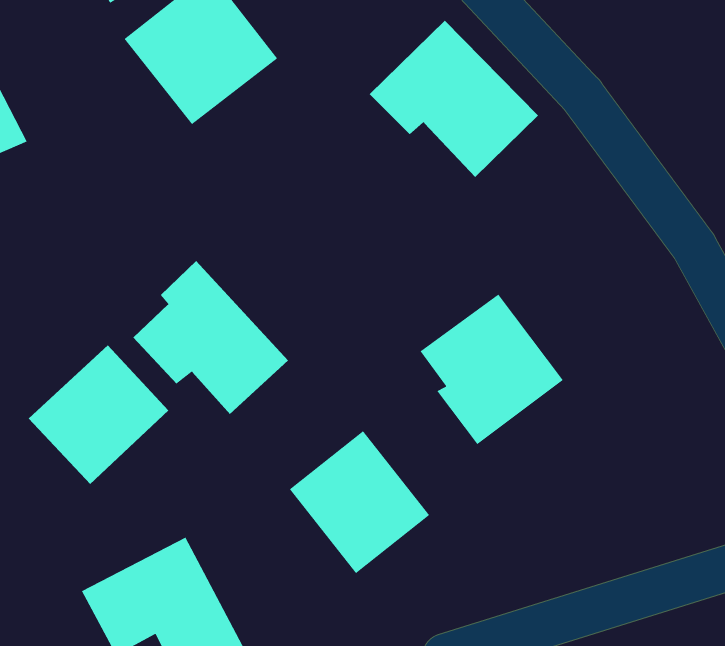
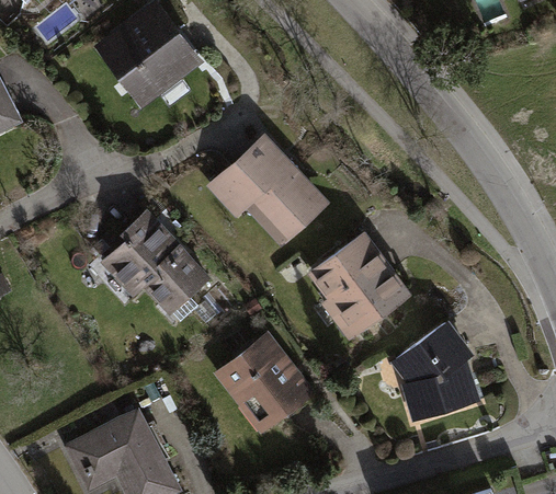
building: [369,20,539,178] -> [207,133,330,246]
building: [28,344,169,485] -> none
building: none -> [390,320,481,423]

